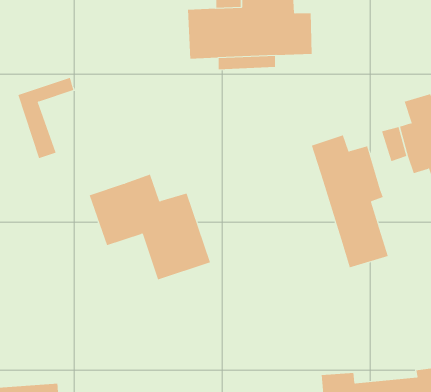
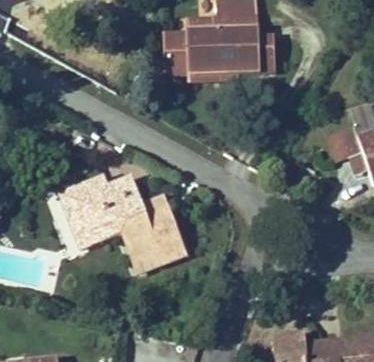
building: [17,77,74,159] -> [63,169,111,238]
building: [311,135,388,268] -> none

